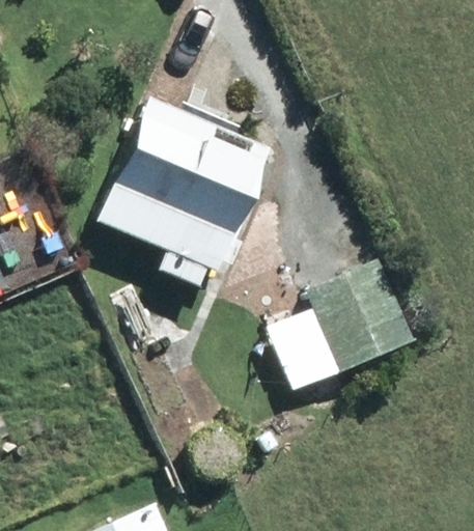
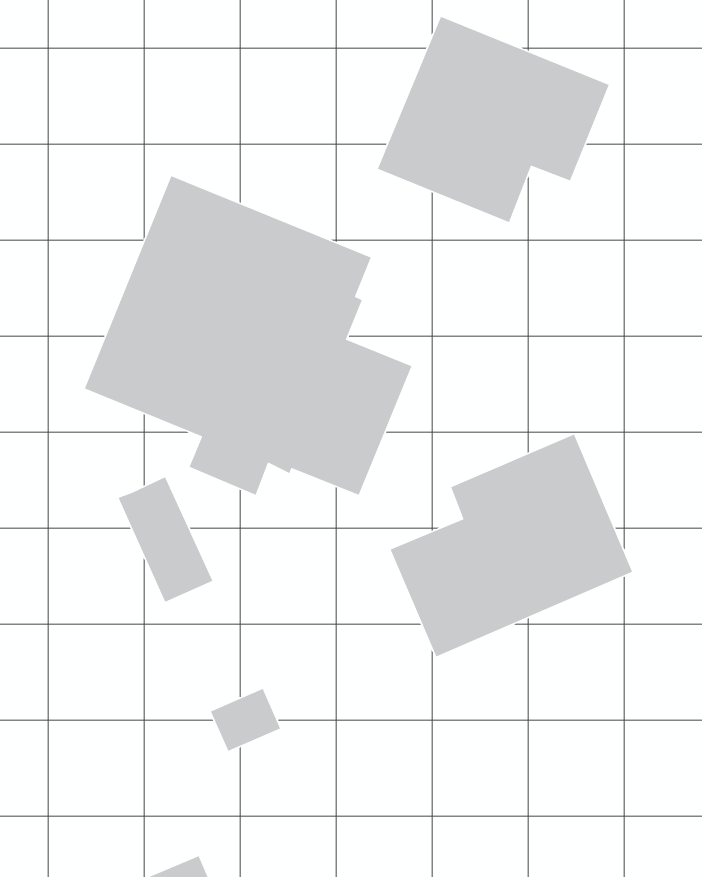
building: none -> [377,16,610,223]

